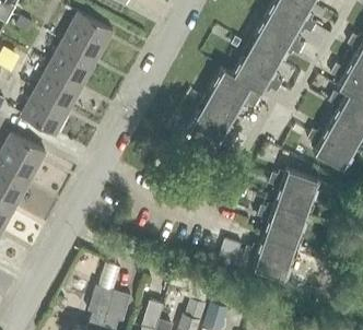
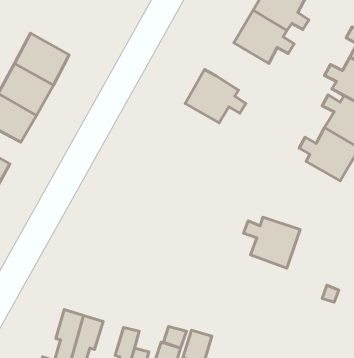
building: [65,13,113,56] -> none
building: [232,45,282,94] -> none
building: [187,99,237,148] -> none
building: [269,170,319,213] -> none
building: [243,236,296,280] -> none

